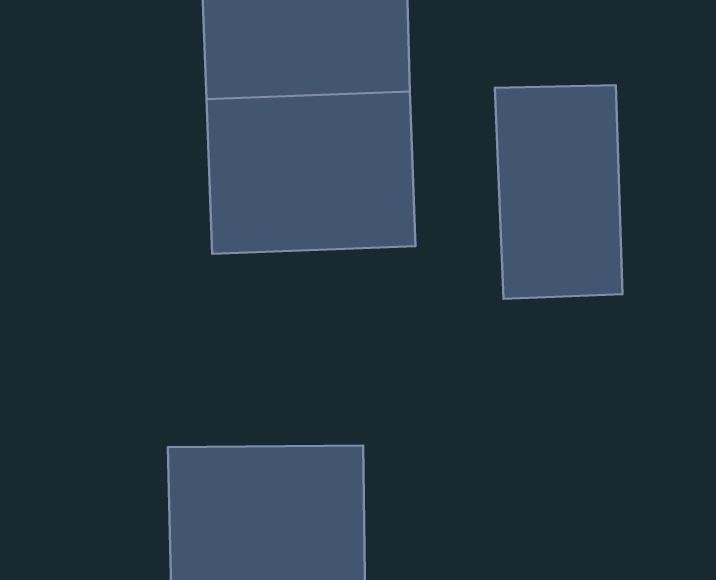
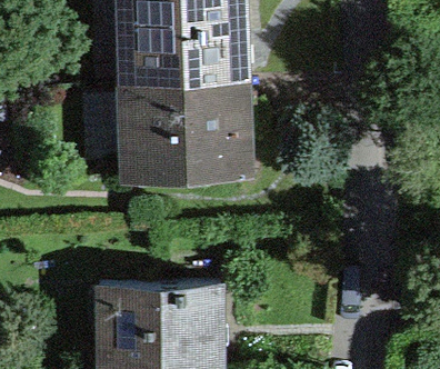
building: [495,85,623,299] -> none

